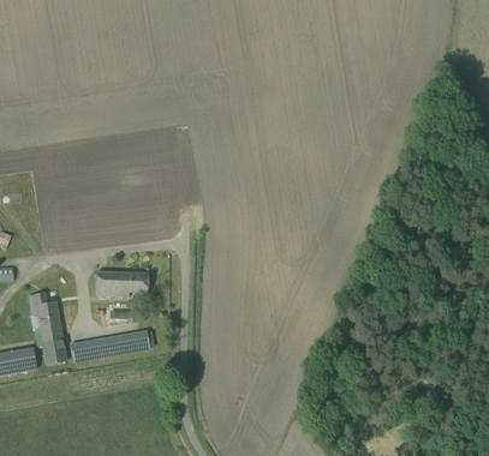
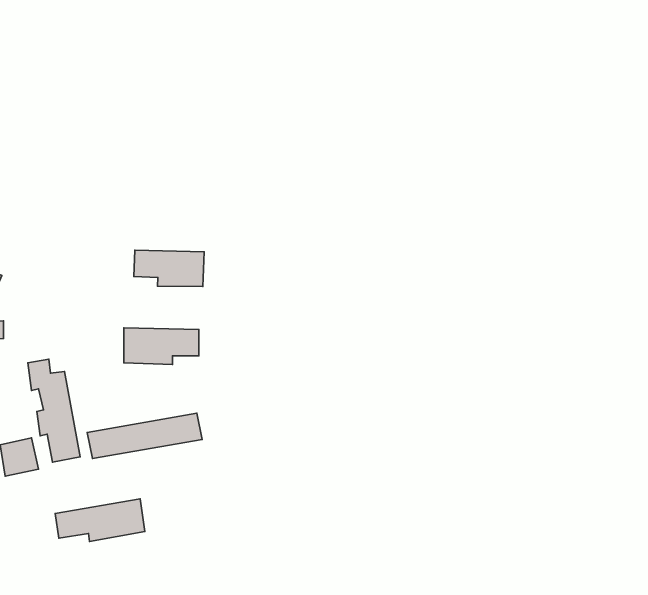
building: none -> [134,250,204,287]
building: none -> [55,499,145,542]

